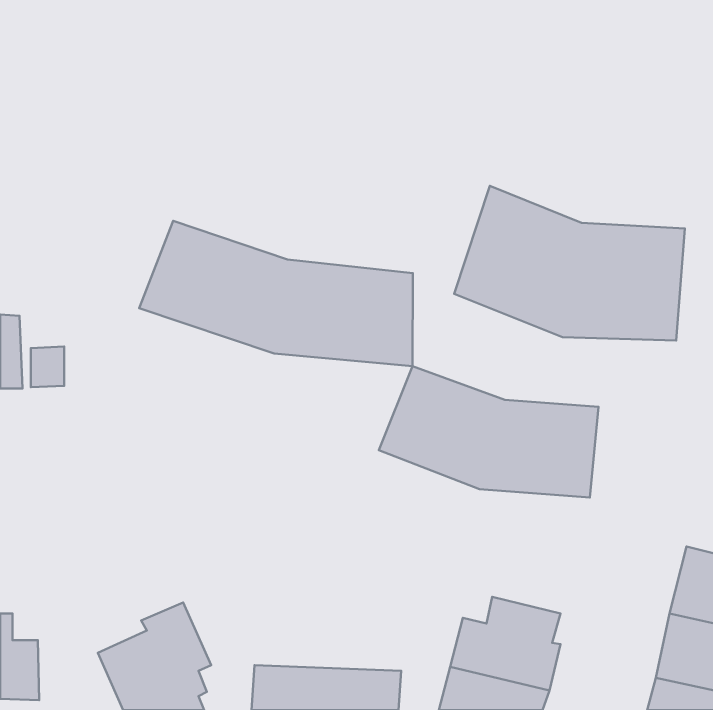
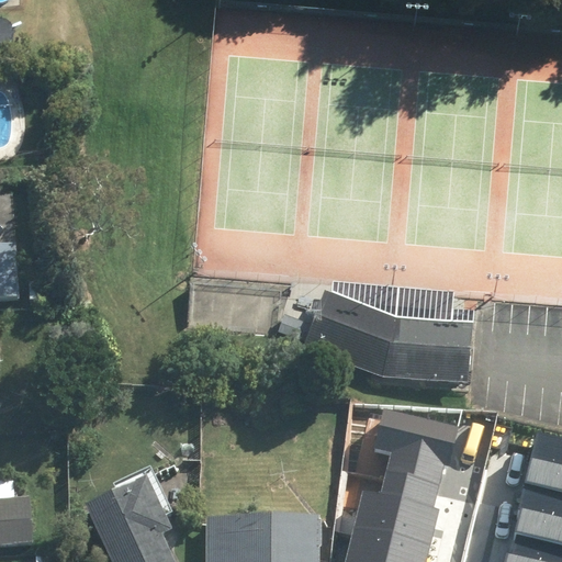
building: [454,186,685,340] -> none
building: [139,221,413,366] -> none
building: none -> [376,406,459,482]

